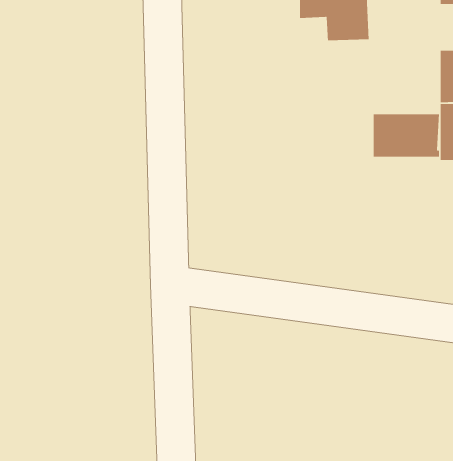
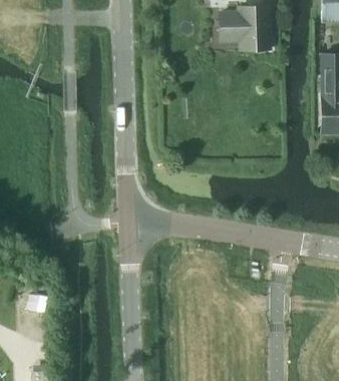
building: [373,113,440,157] -> none

